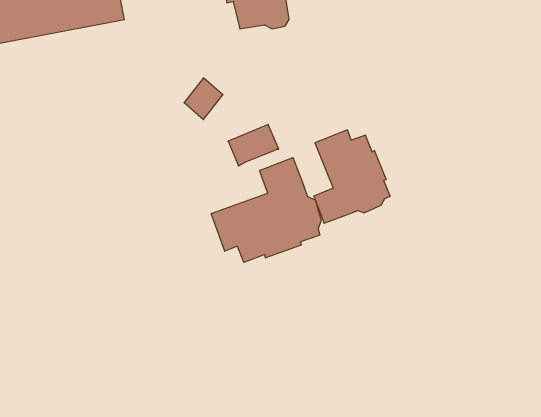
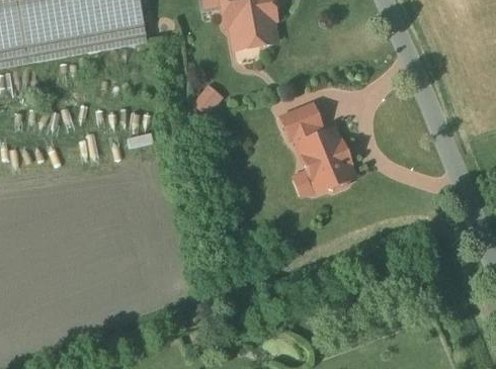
building: [228,124,279,166] -> [281,106,321,139]
building: [211,158,321,262] -> none

